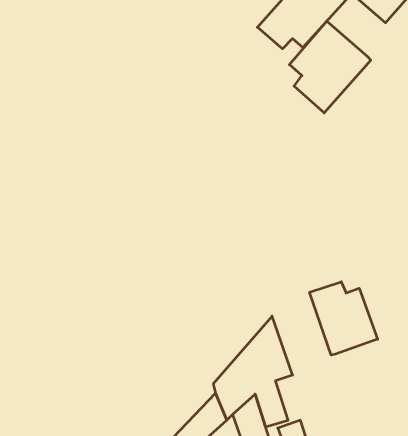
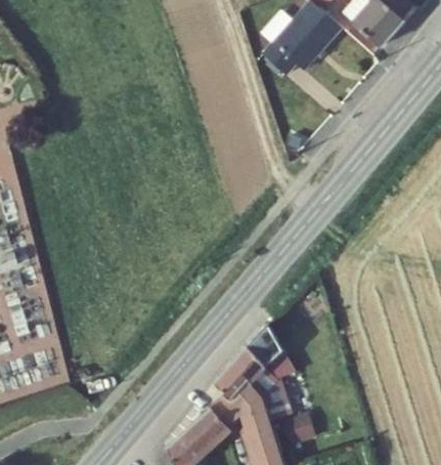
building: [289,21,371,113] -> none
building: [310,282,378,355] -> none

